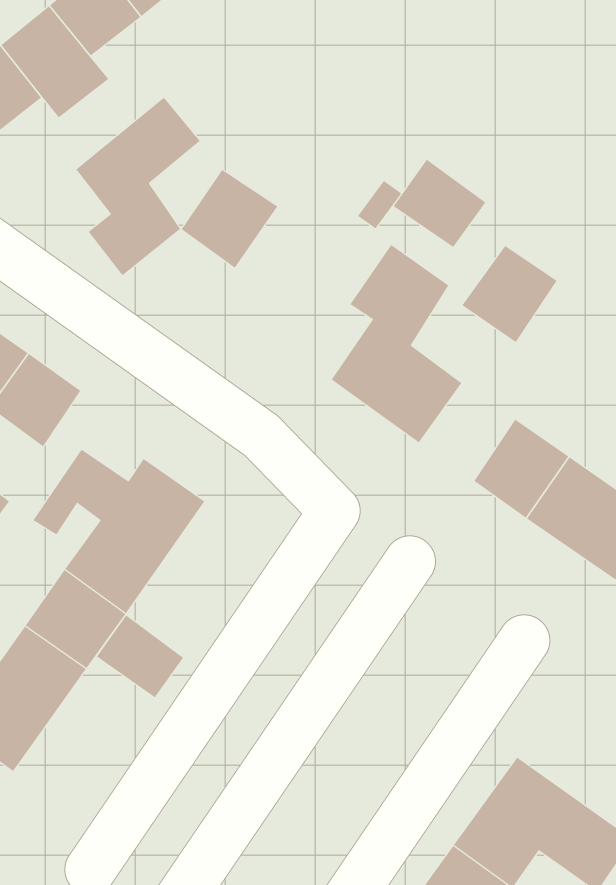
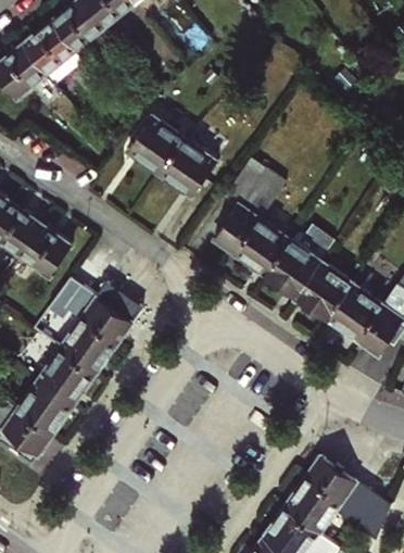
building: [75,97,200,276] -> none
building: [393,159,486,248] -> none
building: none -> [159,138,215,197]
building: [462,245,557,343] -> [265,240,320,297]
building: [96,614,184,698] -> none

